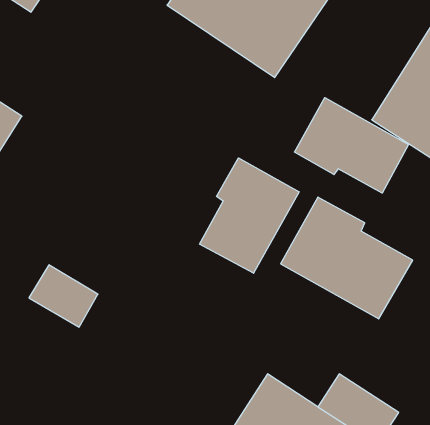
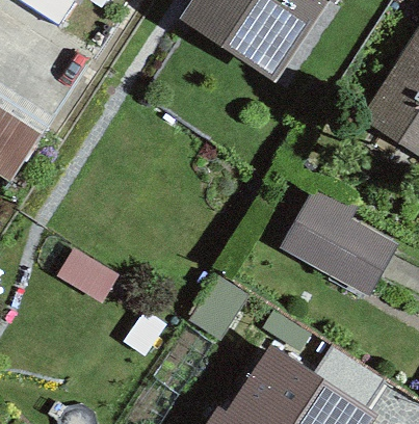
building: [294,98,408,193] -> none
building: [200,158,299,273] -> none

